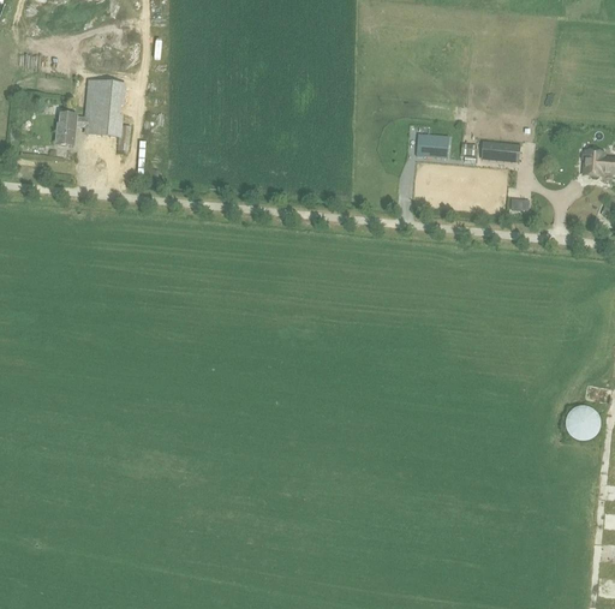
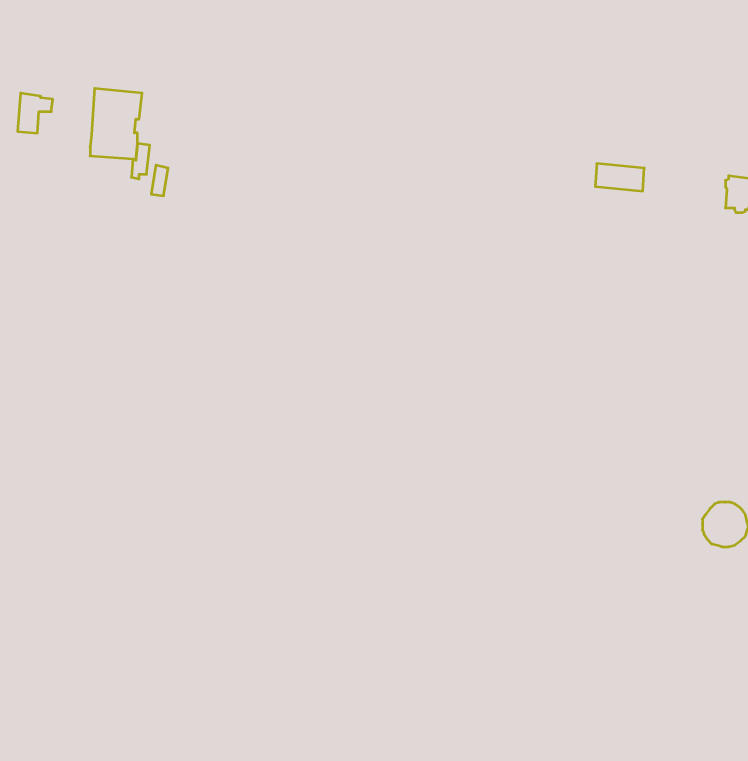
building: [58,112,85,143] -> [18,93,53,133]
building: [416,133,448,157] -> none

